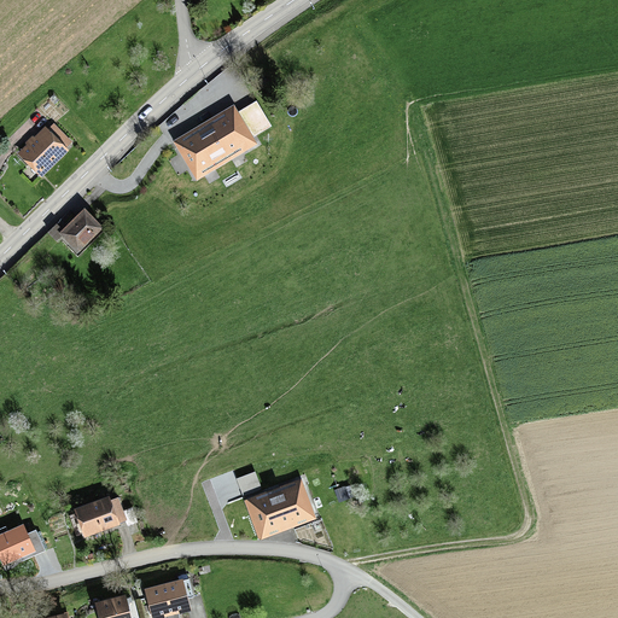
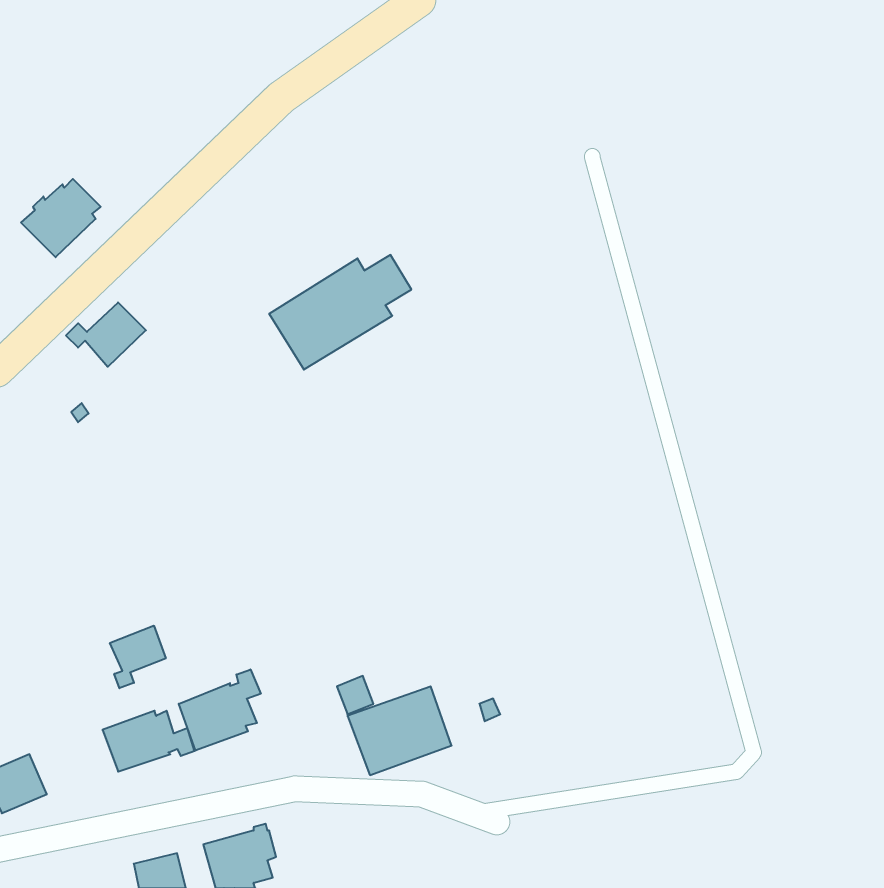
building: [170,103,269,182] -> [269,255,411,370]
building: none -> [110,626,166,688]
building: none -> [179,669,261,751]

